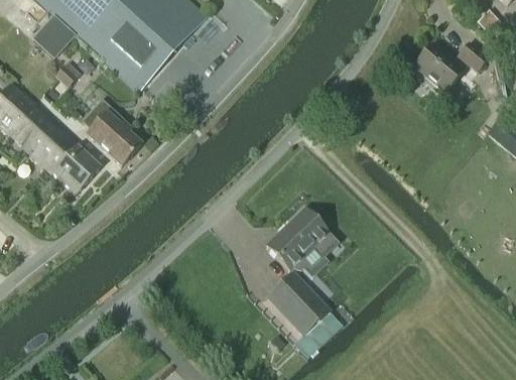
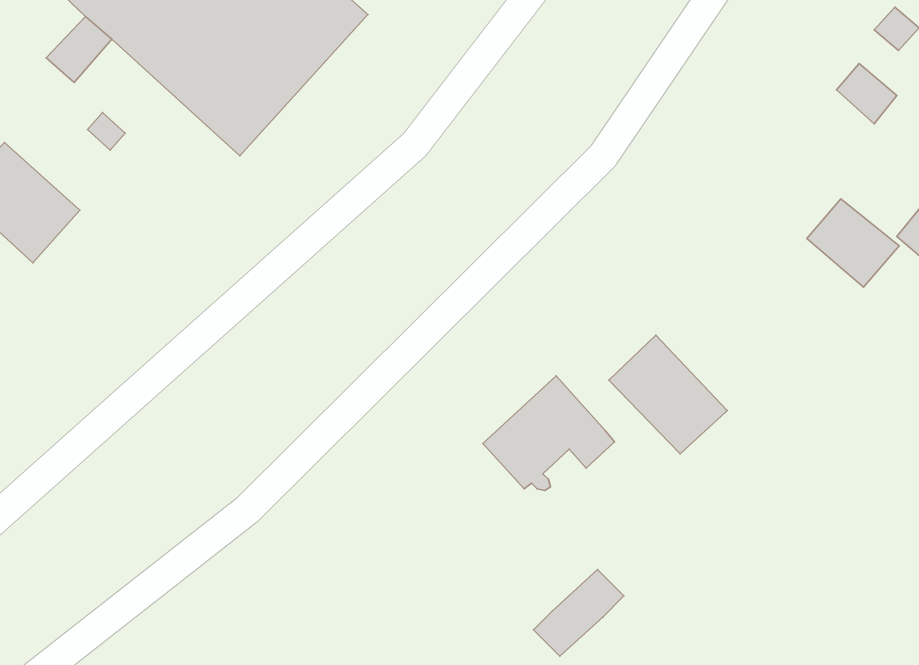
building: [416,44,466,92] -> [807,199,899,287]
building: [83,104,141,164] -> none
building: [27,119,102,193] -> none
building: [267,270,331,334] -> [609,335,727,454]

